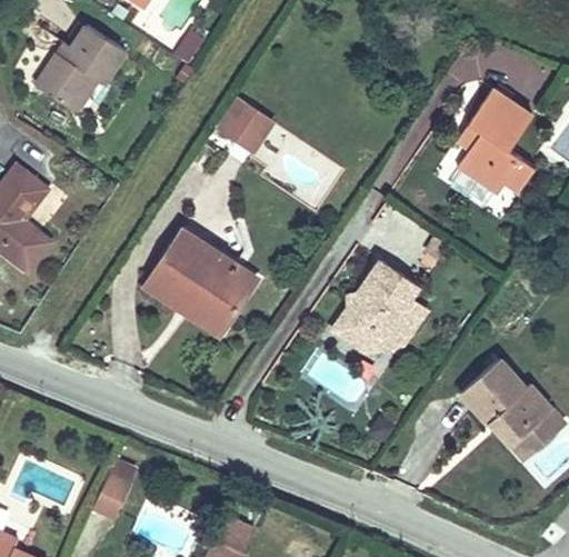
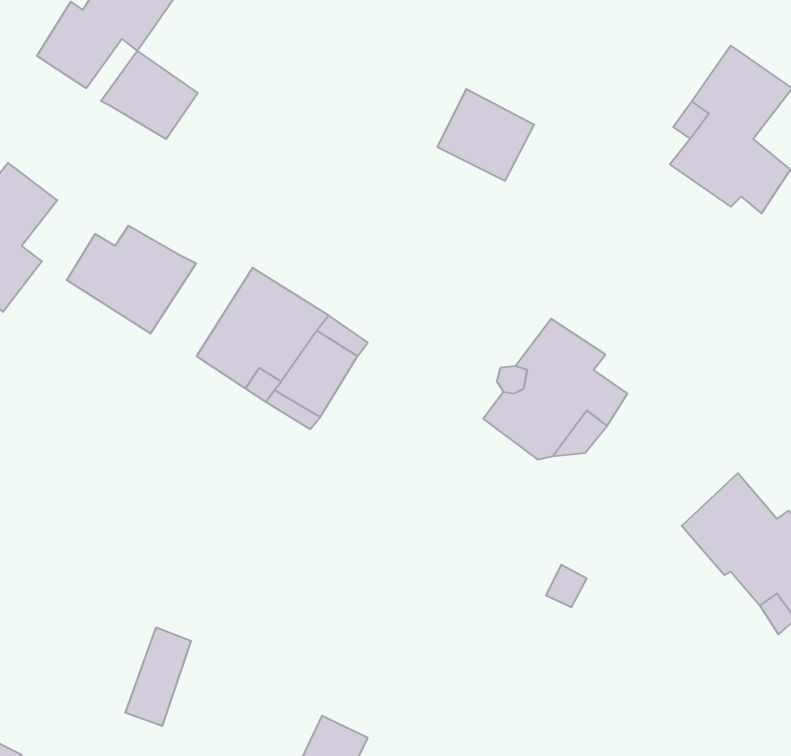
building: none -> [101,51,198,139]
building: [217,102,280,162] -> [437,89,534,181]
building: none -> [67,226,196,334]

